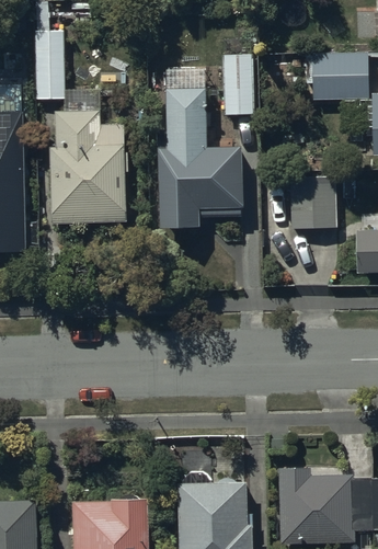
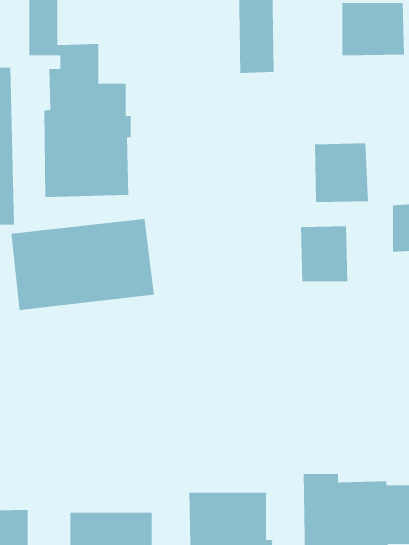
building: [158,70,242,230] -> none
building: none -> [11,218,154,311]
building: none -> [301,225,348,282]

